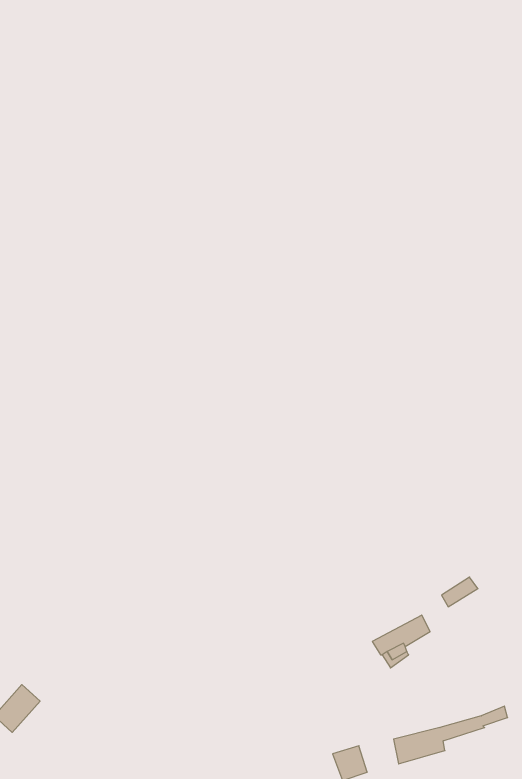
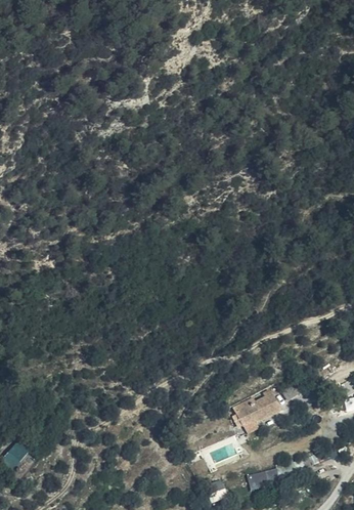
building: none -> [231,389,278,416]

